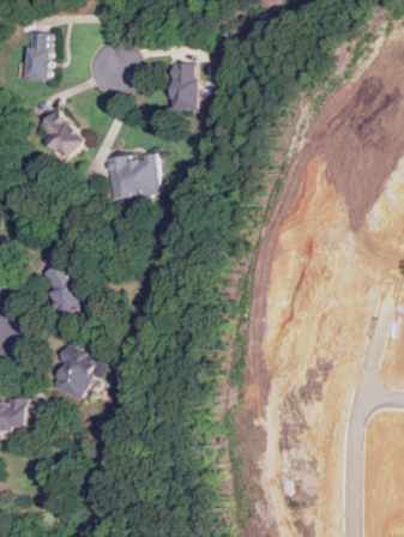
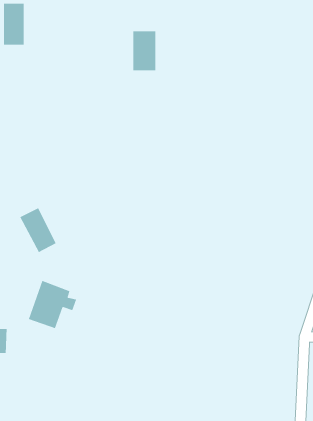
building: [37,110,84,162] -> none
building: [107,155,159,200] -> none

